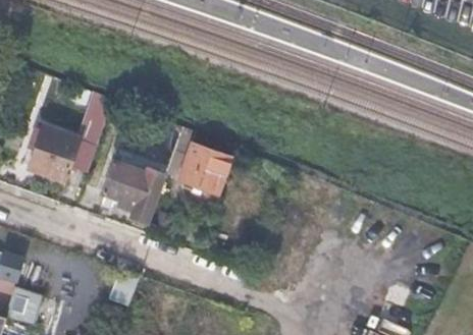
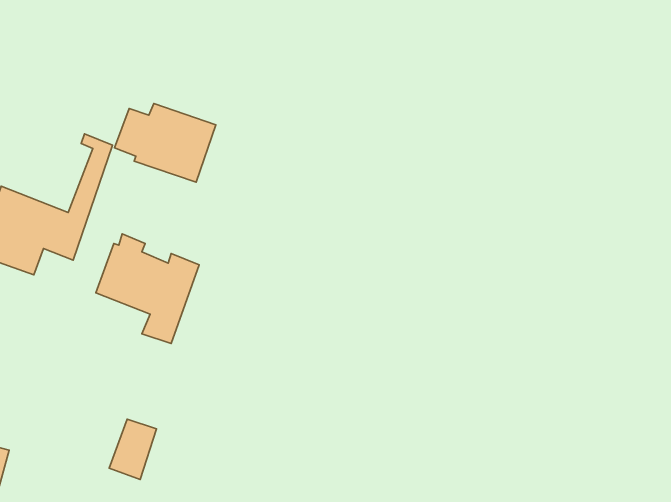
building: [165,145,228,193] -> [114,104,216,182]

